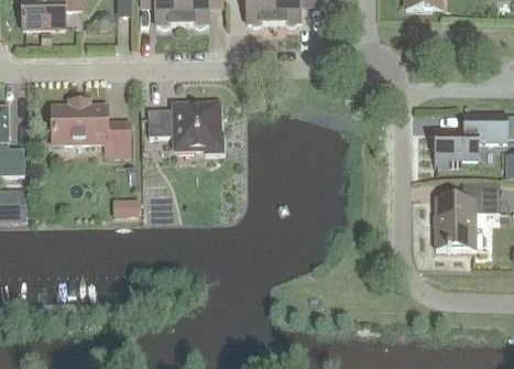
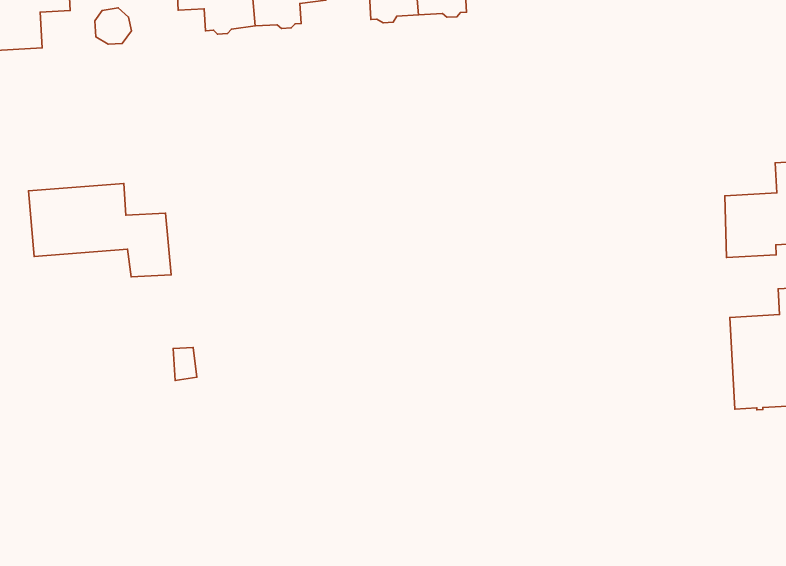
building: [146,104,221,151] -> none

